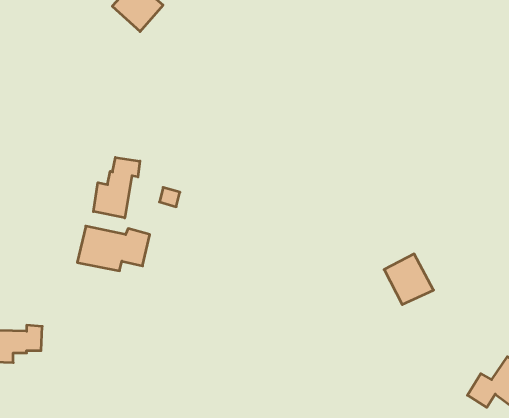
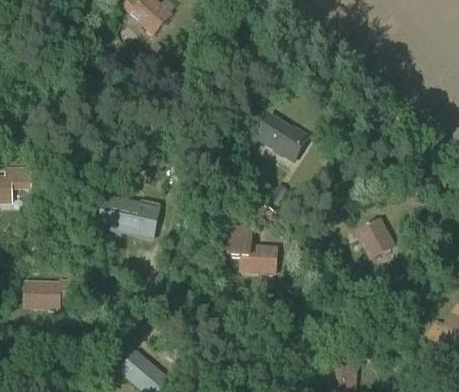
building: none -> [257,114,308,159]
building: [93,157,140,218] -> none
building: none -> [227,223,277,273]

